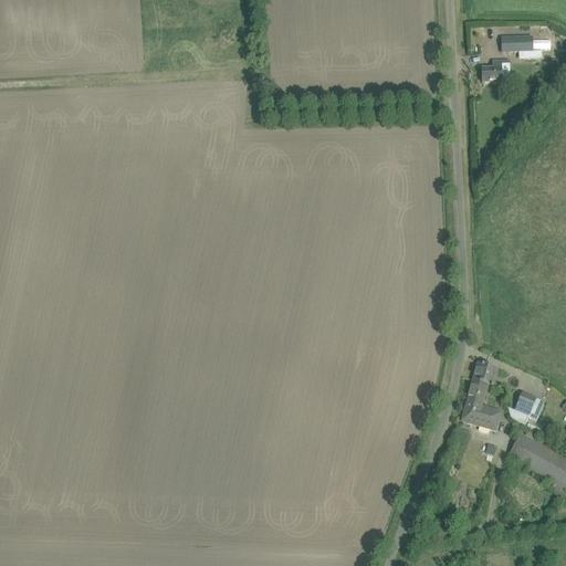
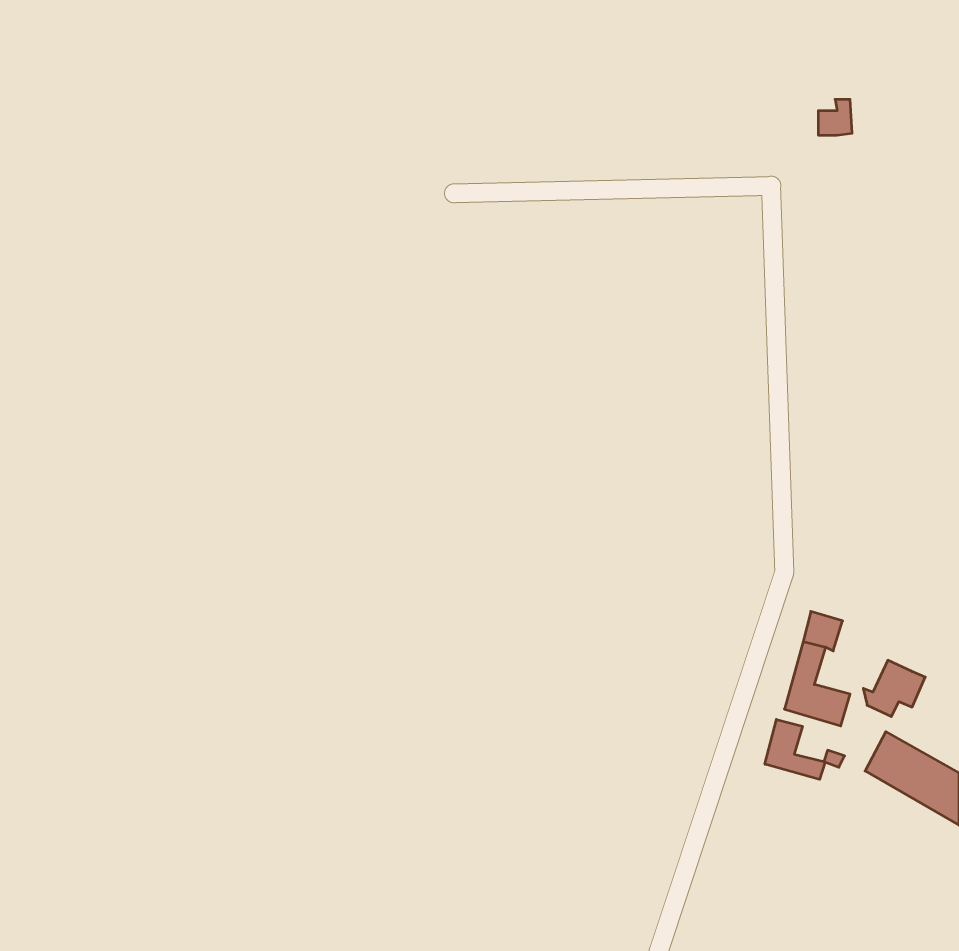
building: [502,34,542,56] -> none
building: none -> [765,719,825,779]

